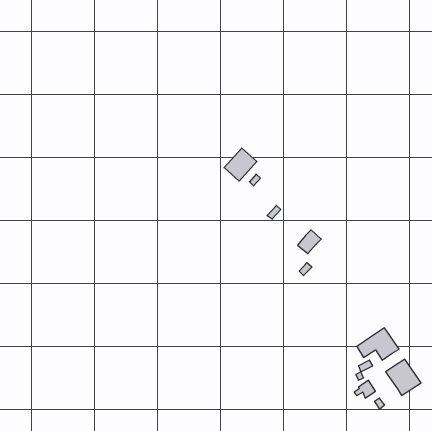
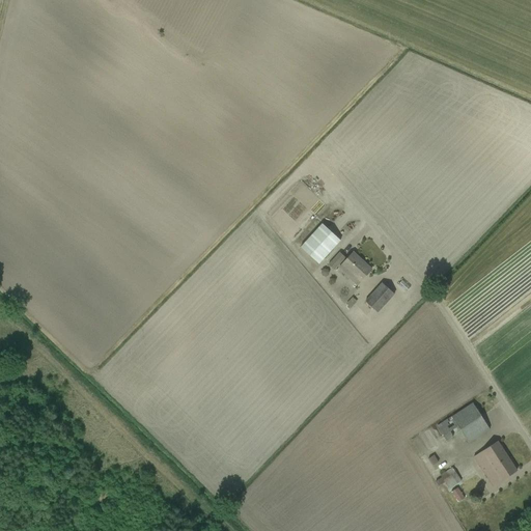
building: [224,148,257,181] -> [300,223,340,263]
building: none -> [342,252,371,280]

